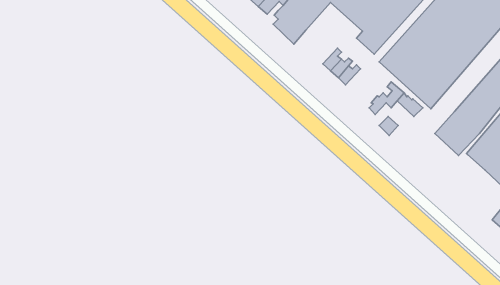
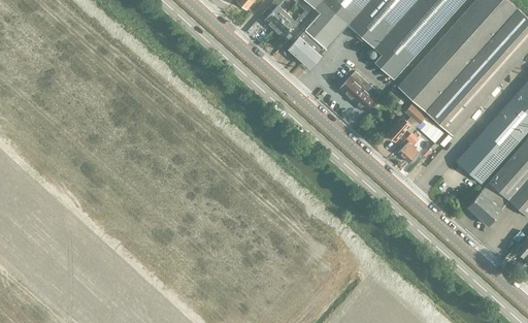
building: none -> [466,183,508,225]

